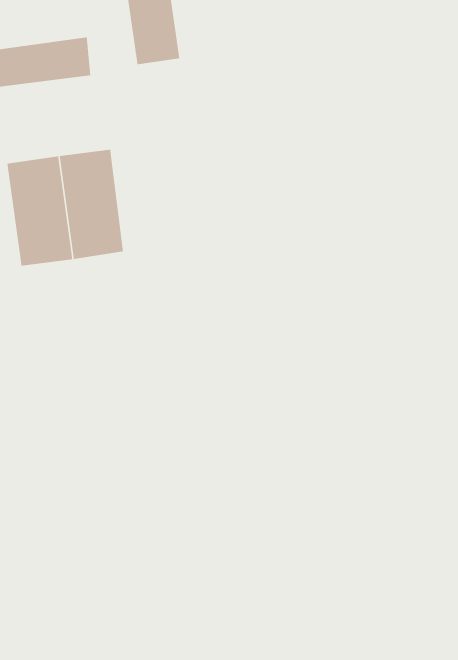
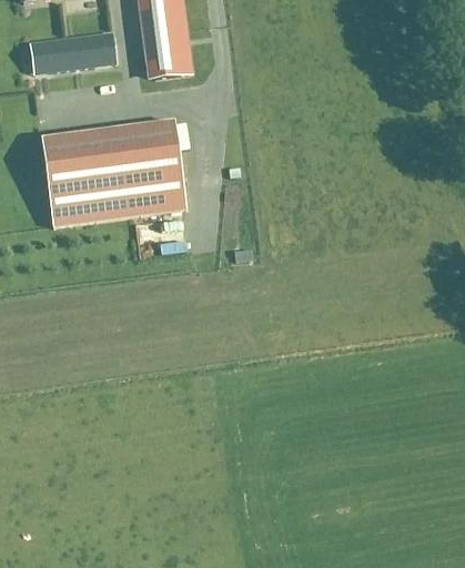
building: none -> [151,50,191,78]
building: none -> [129,121,185,214]

